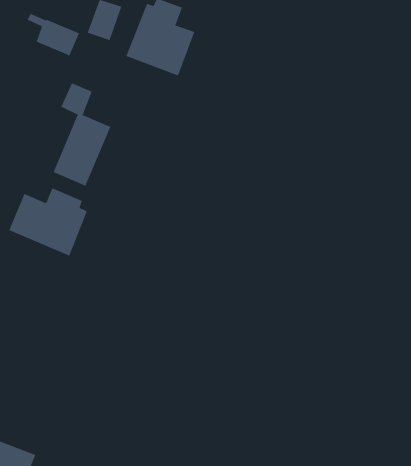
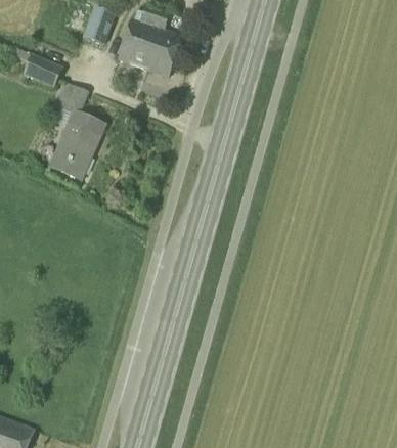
building: [27,13,80,56] -> [13,47,62,87]
building: [8,187,88,257] -> none

